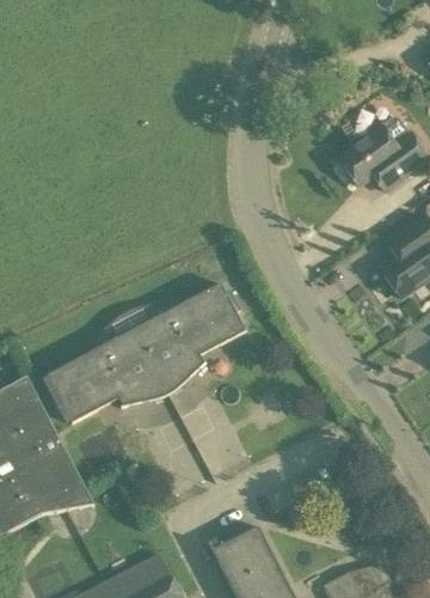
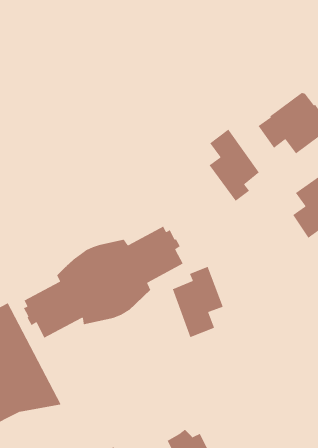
building: none -> [208,128,260,202]
building: none -> [172,266,224,338]

